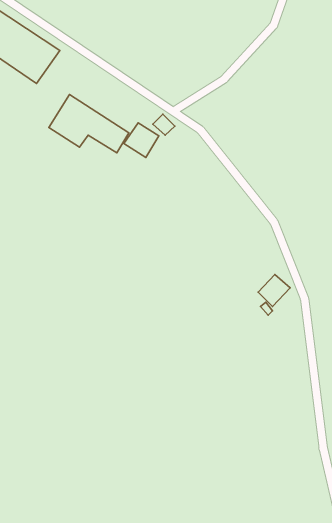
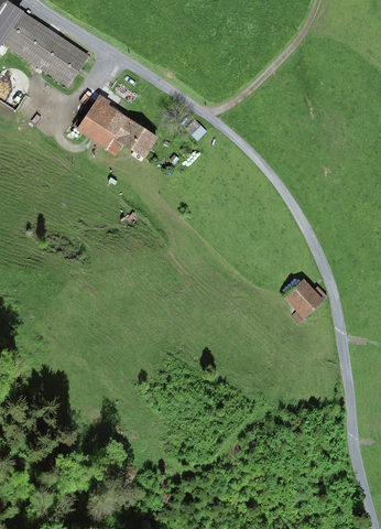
building: [124,123,159,157] -> none

